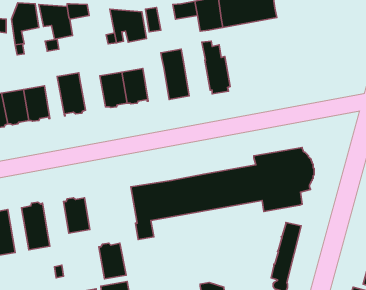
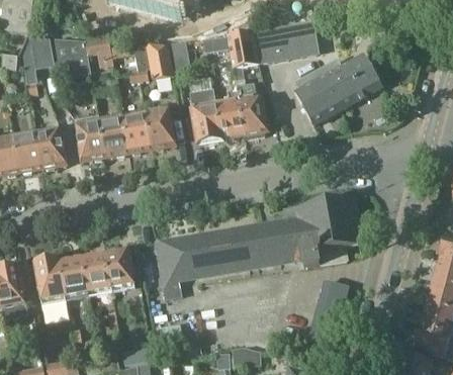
building: none -> [295,54,381,124]
building: none -> [214,100,244,139]
building: none -> [99,117,127,156]
building: none -> [58,257,87,296]
building: [99,243,126,279] -> [104,249,134,288]

